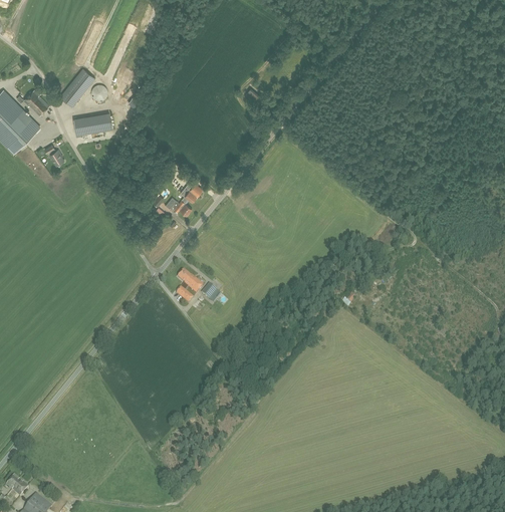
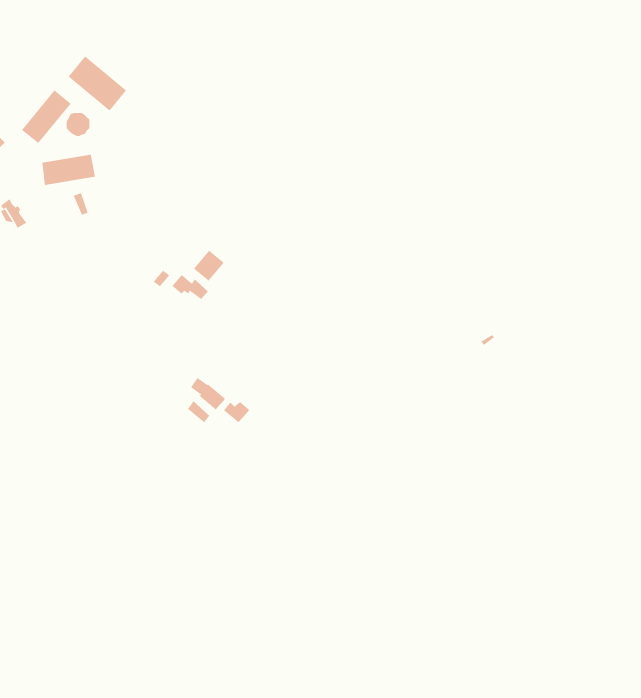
building: none -> [68,56,127,111]

